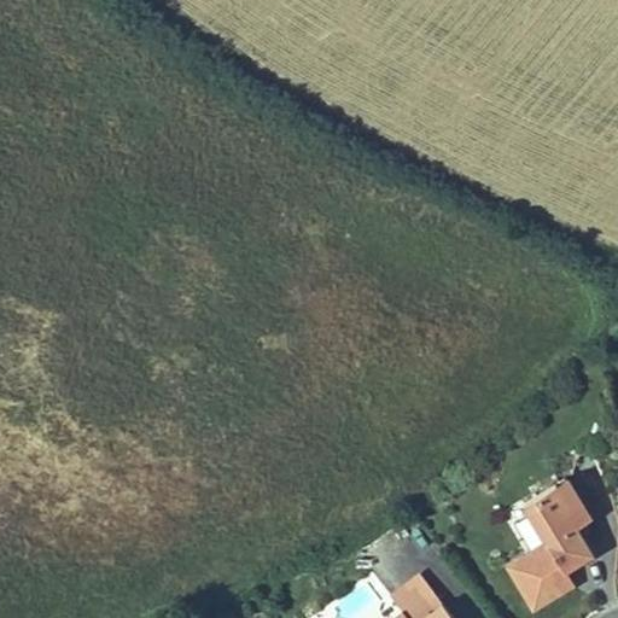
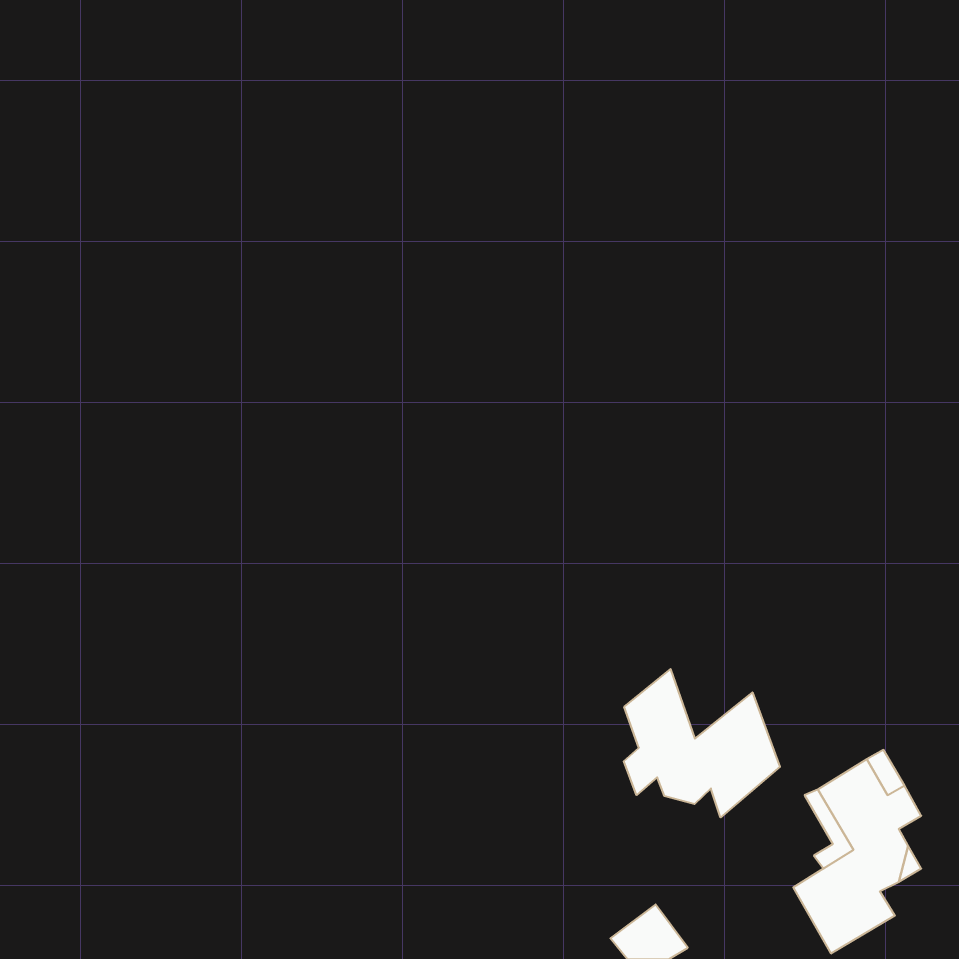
building: none -> [624,669,780,817]

